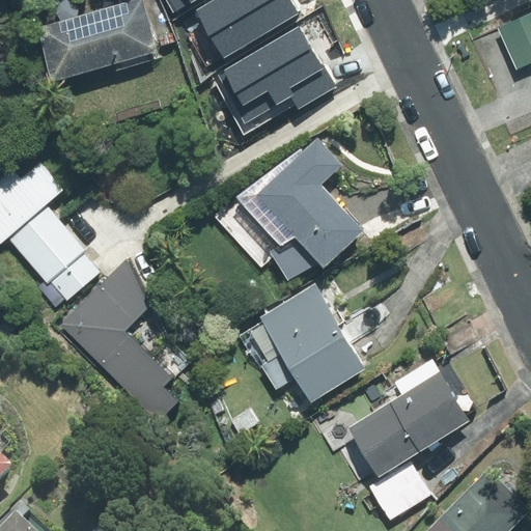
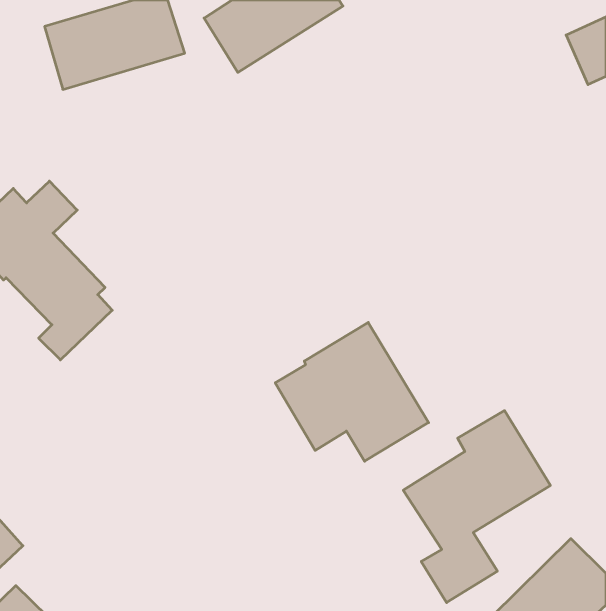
building: [222,25,332,122] -> none
building: [239,134,363,282] -> none
building: [57,248,180,417] -> none

